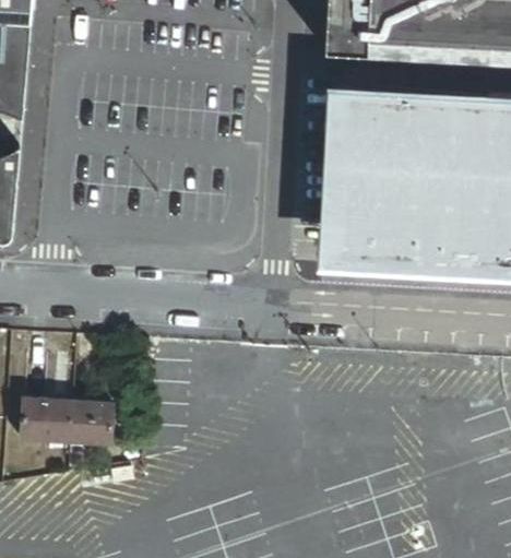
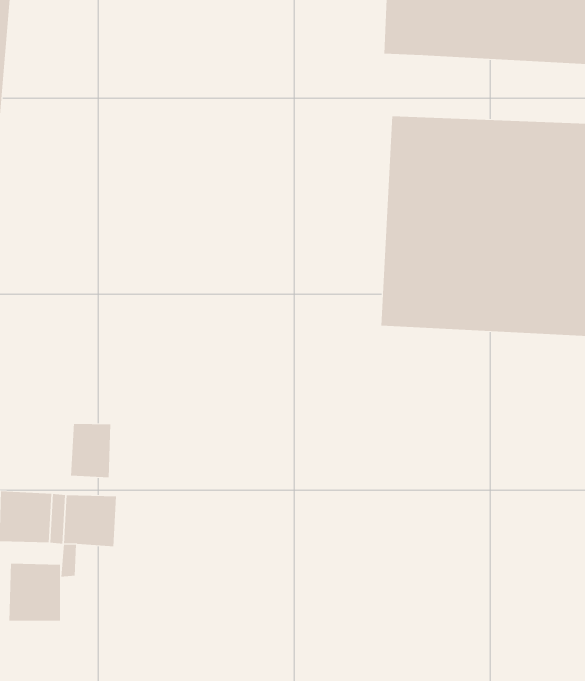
building: none -> [70,423,111,478]
building: none -> [9,563,61,621]

